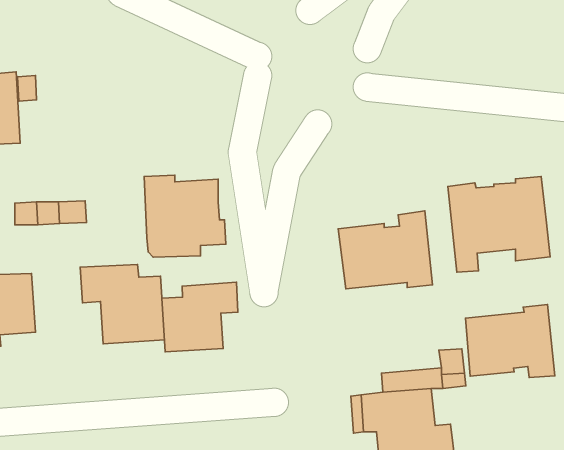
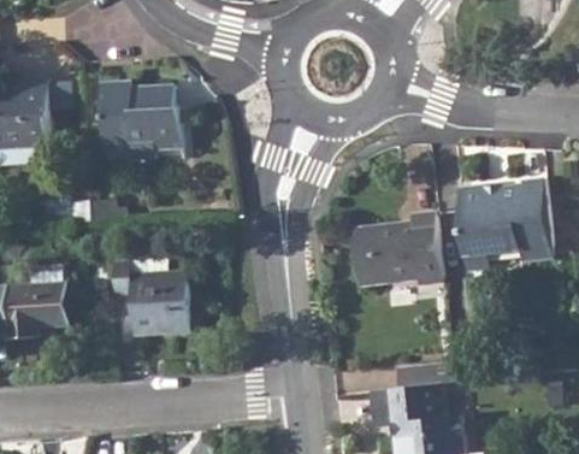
building: [144,175,226,257] -> [104,86,181,163]
building: [162,282,238,352] -> none
building: [465,305,555,378] -> none

